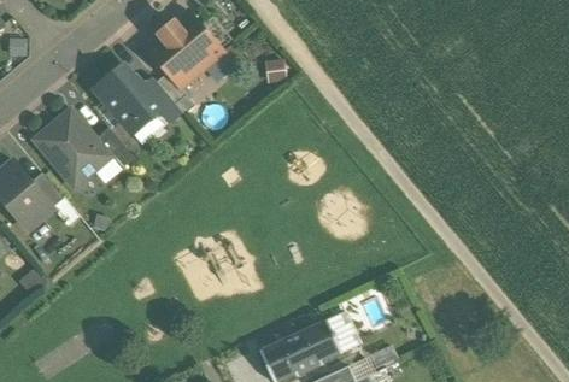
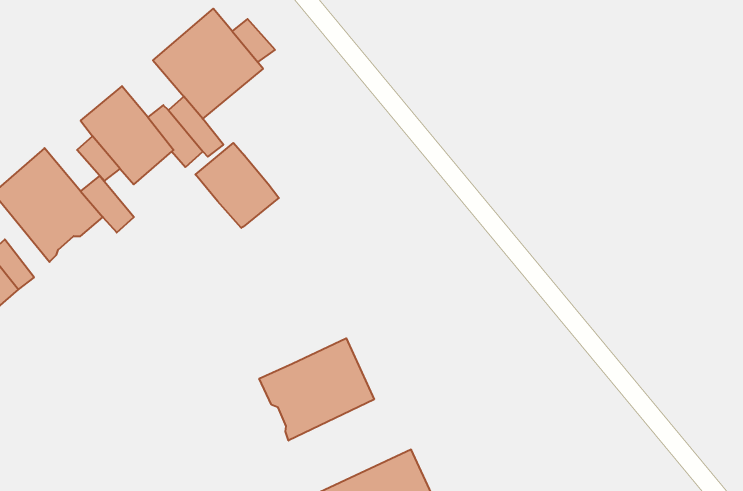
building: none -> [195,143,279,228]
building: none -> [259,338,374,441]

